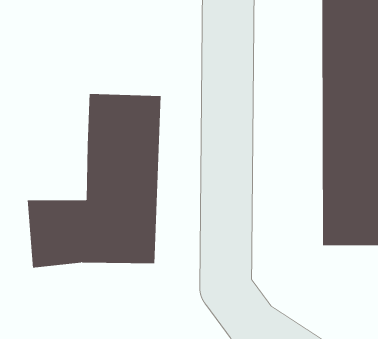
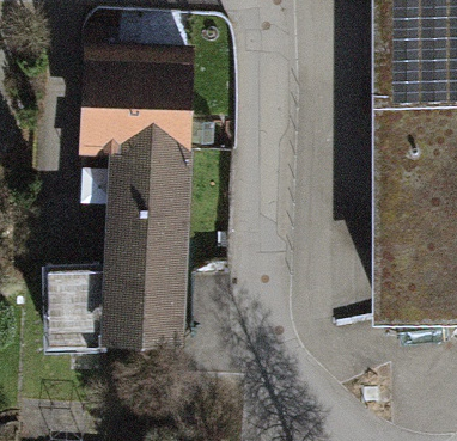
building: none -> [79,57,196,209]

